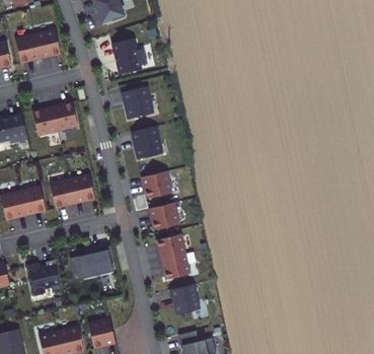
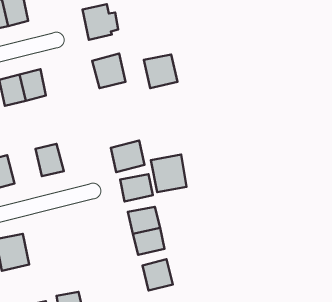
building: [130,127,162,159] -> [144,55,178,88]
building: [49,179,73,210] -> none
building: none -> [151,154,187,192]
building: [68,247,113,281] -> none

